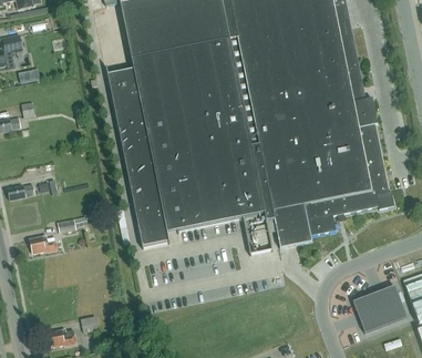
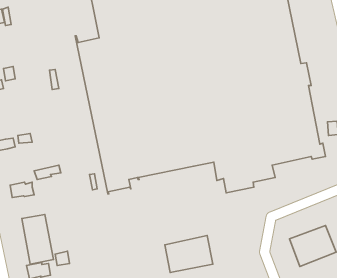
building: none -> [22,215,53,264]
building: none -> [165,236,213,272]

